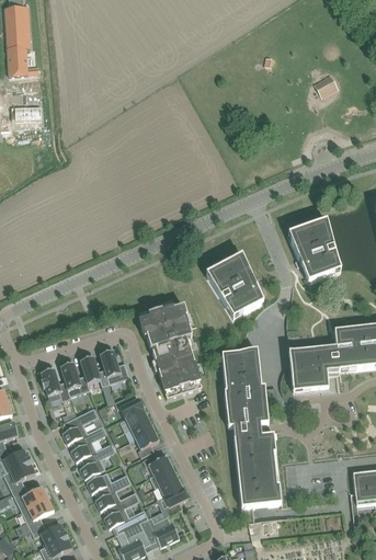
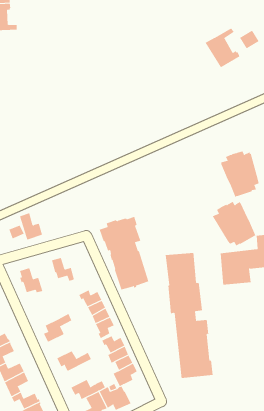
building: none -> [205,27,240,68]
building: [208,258,263,313] -> [212,201,256,246]
building: [100,348,129,382] -> none
building: [60,361,90,397] -> [19,213,43,242]
building: [61,407,98,443] -> none
building: [79,442,115,478] -> none
building: [95,481,139,516] -> none

